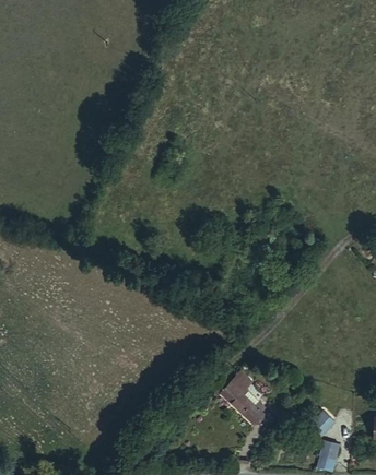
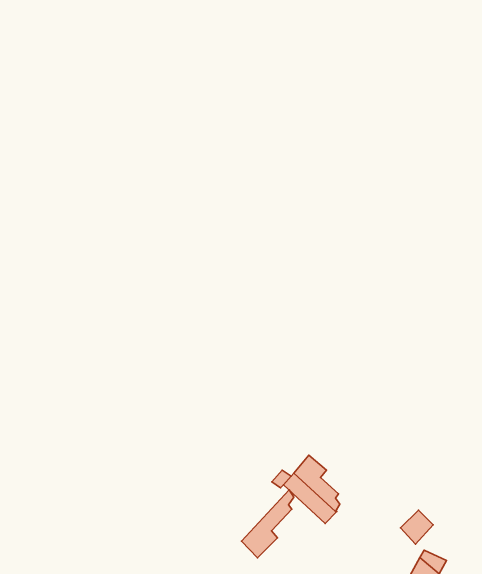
building: none -> [242,490,294,558]

